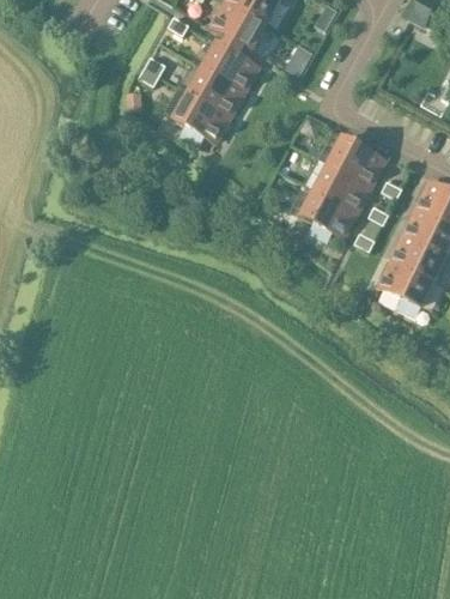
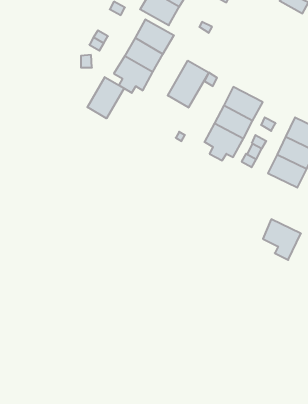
building: none -> [168,61,209,108]
building: none -> [87,77,124,118]
building: [379,259,433,316] -> [263,219,301,260]

